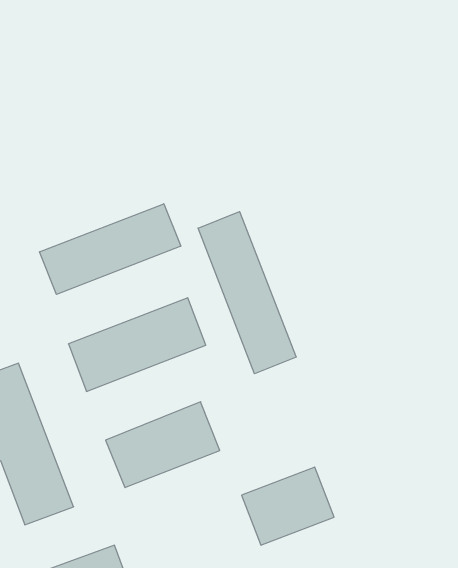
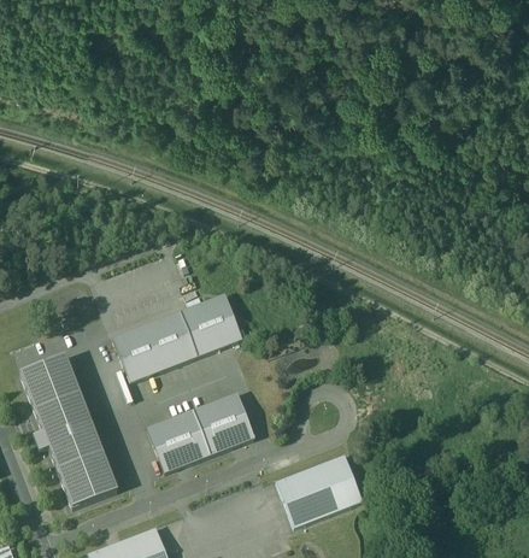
building: [40,204,181,294] -> none
building: [198,212,296,374] -> none

